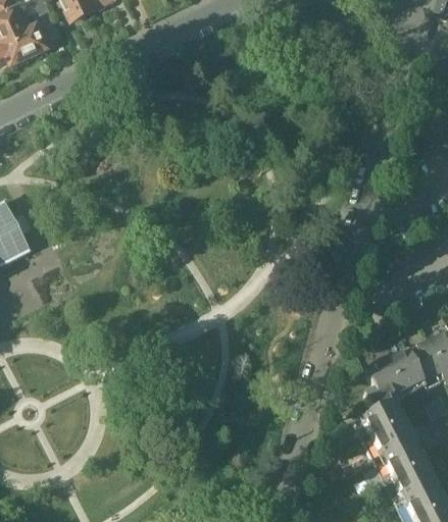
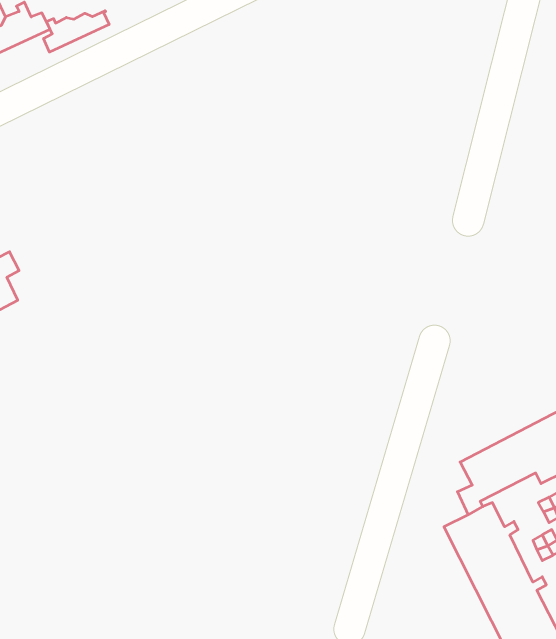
building: none -> [44,11,109,52]

